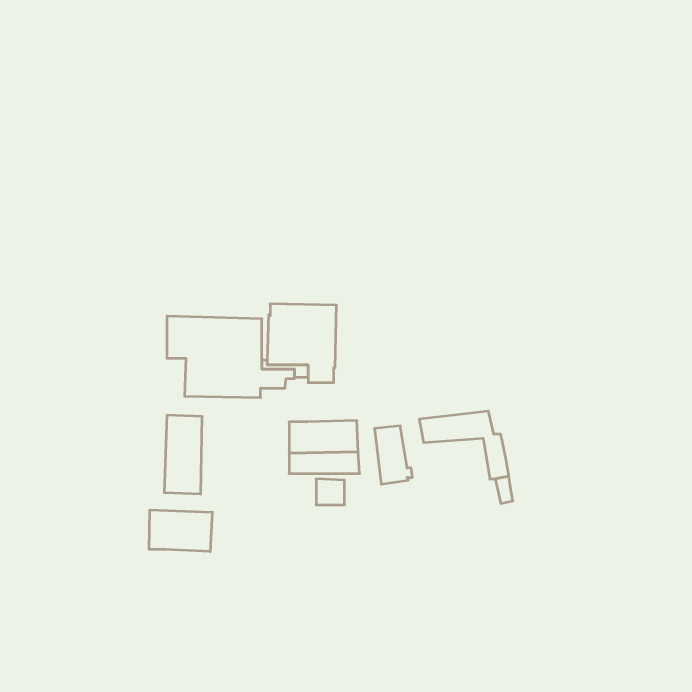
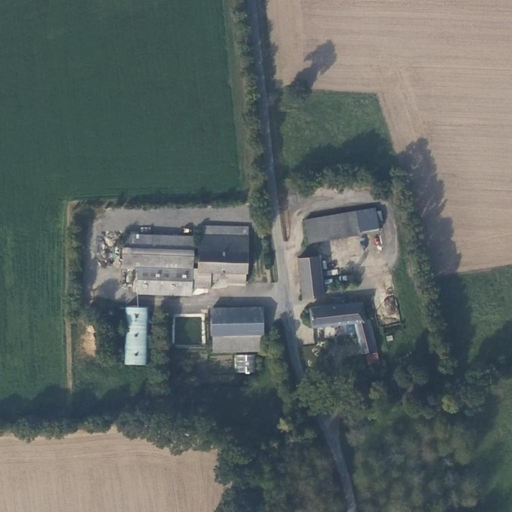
building: none -> [304,208,377,242]
building: [374,426,412,484] -> [298,255,326,298]
building: [149,510,212,552] -> none

